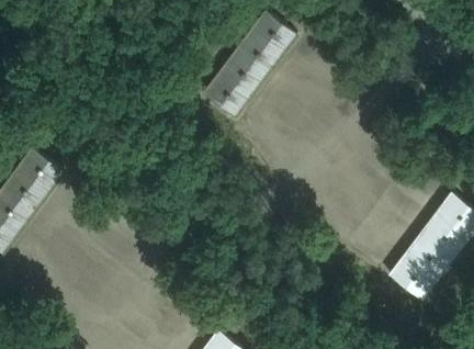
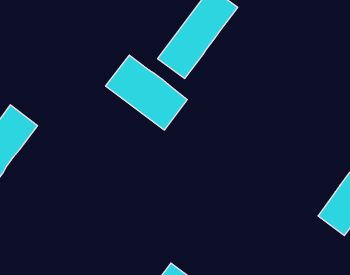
building: none -> [106,55,187,130]

